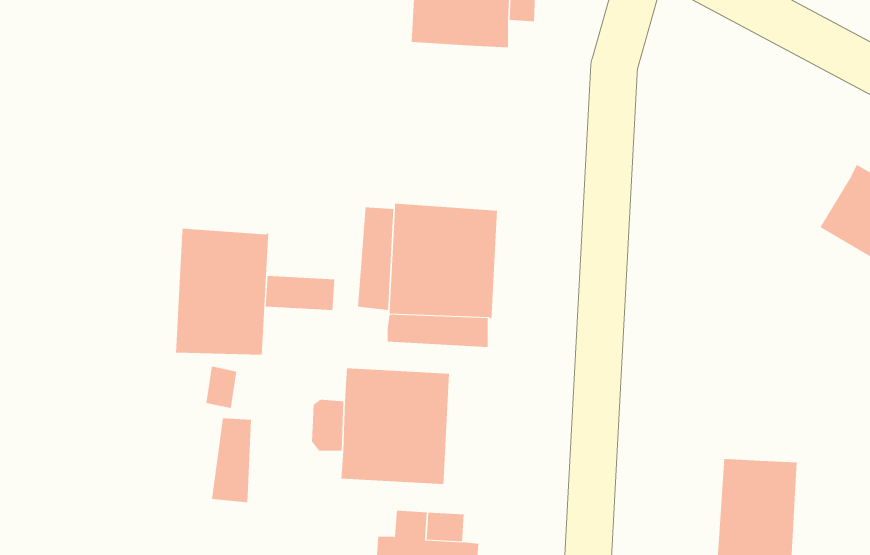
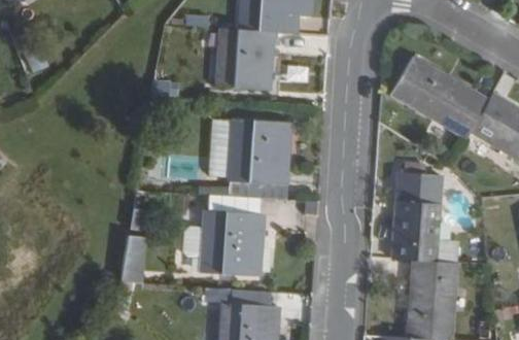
building: none -> [217,27,274,89]
building: none -> [392,59,487,138]
building: [175,228,269,356] -> none
building: none -> [394,172,442,261]

